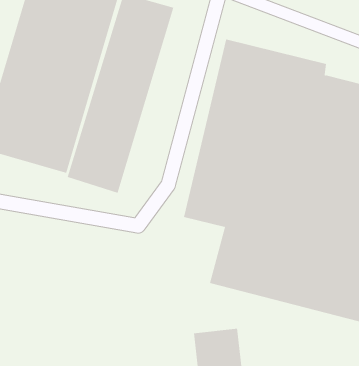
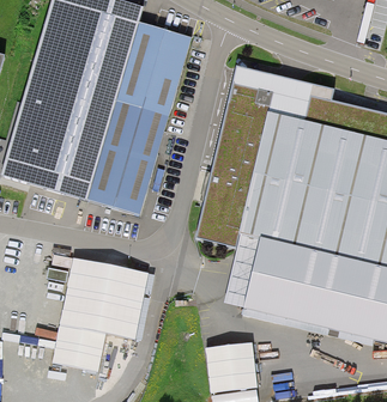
building: none -> [50,257,146,372]

